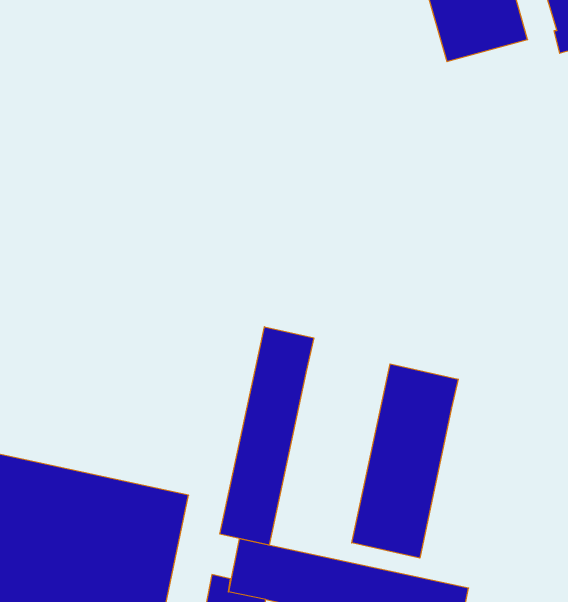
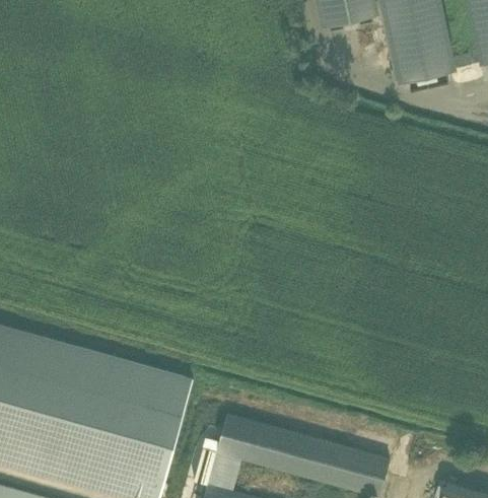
building: [220,327,314,545] -> none
building: [352,364,458,558] -> none

